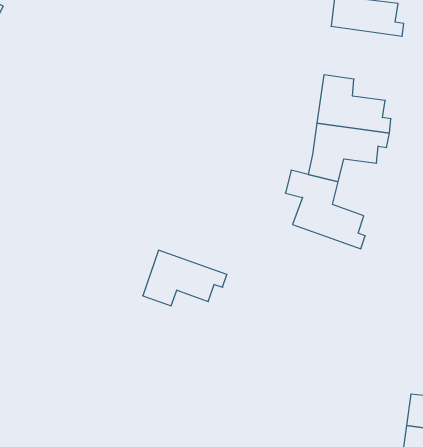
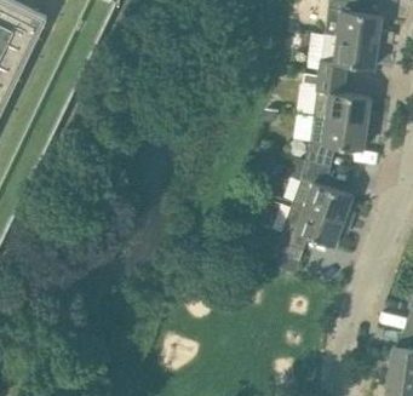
building: none -> [317,35,384,80]
building: [143,250,227,306] -> [277,203,349,251]

